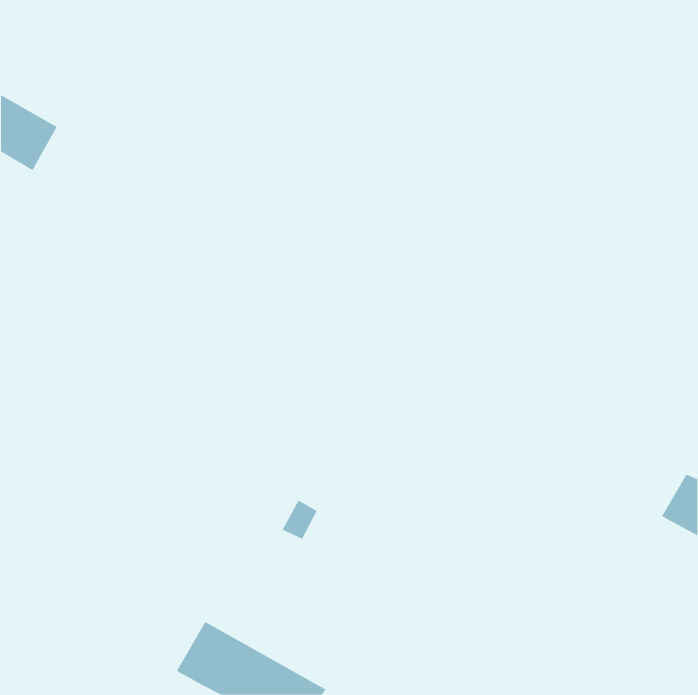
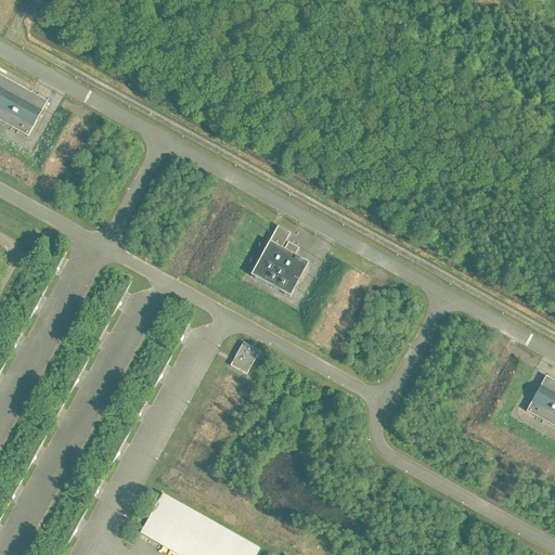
building: none -> [250,225,308,295]
building: [282,500,317,539] -> [229,341,257,373]

